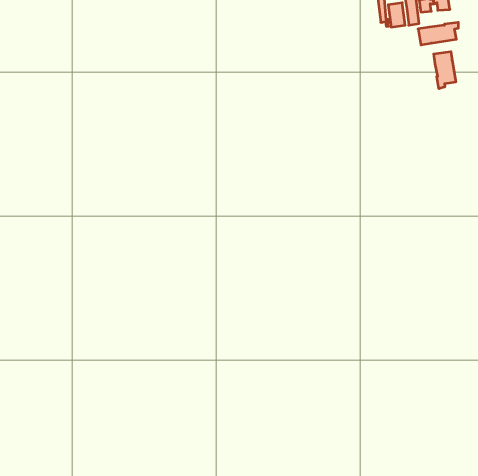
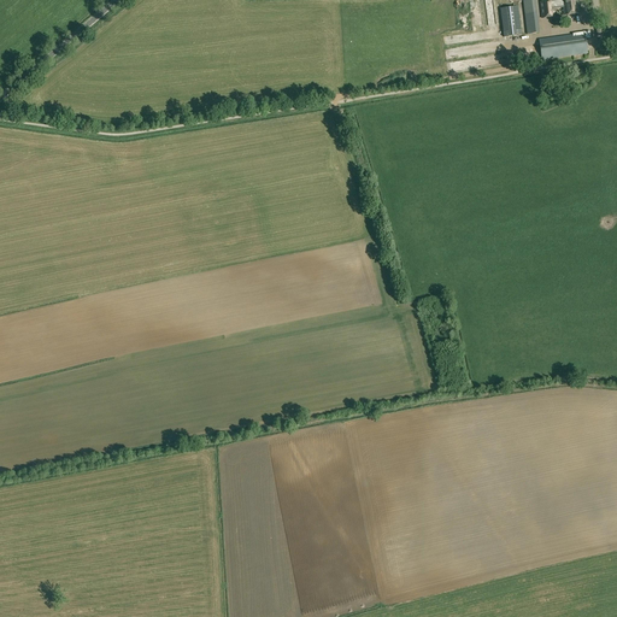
building: [434,52,456,89] -> none

